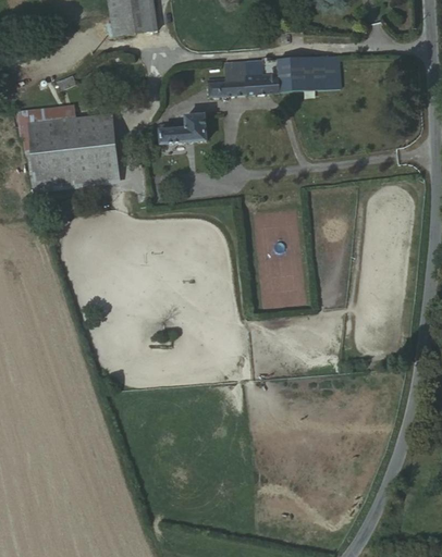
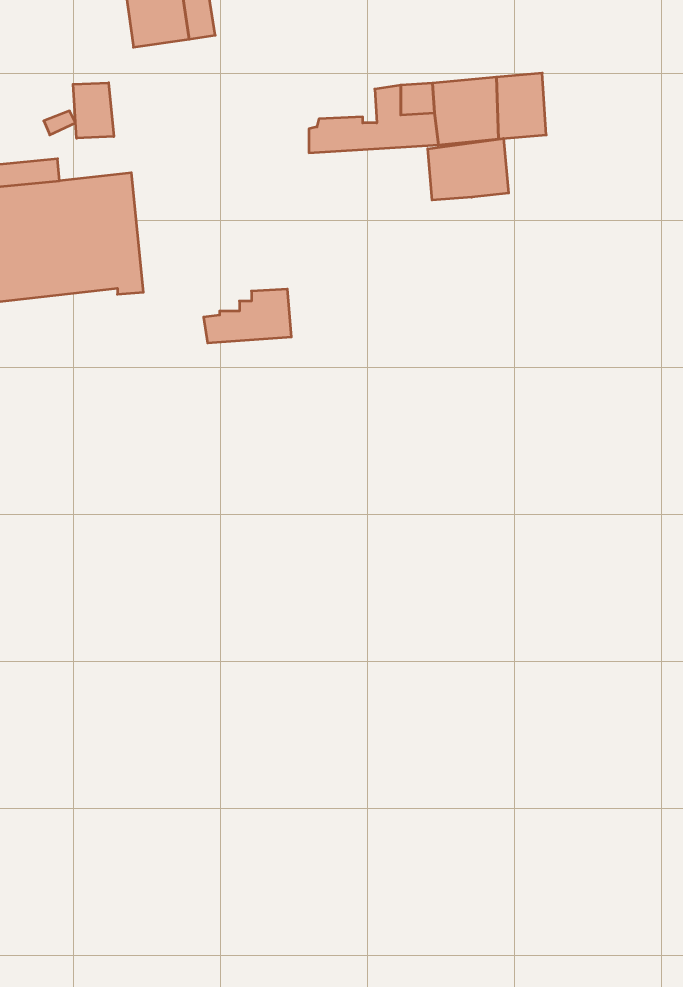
building: none -> [73,83,114,138]
building: none -> [428,138,509,200]
building: [159,115,207,145] -> [204,289,291,343]

